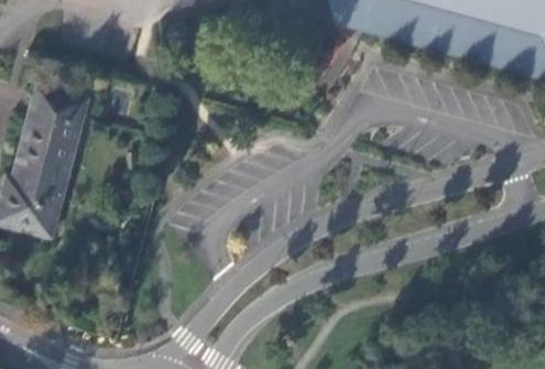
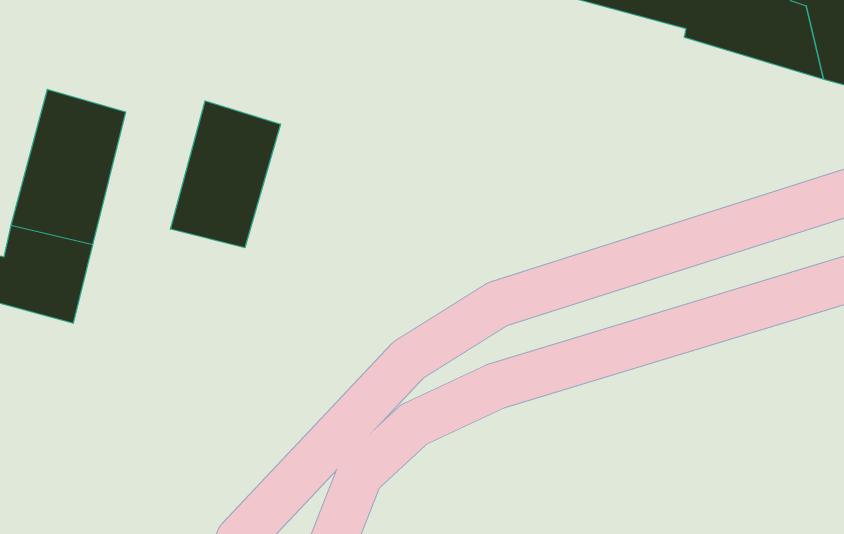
building: none -> [170,101,280,248]

